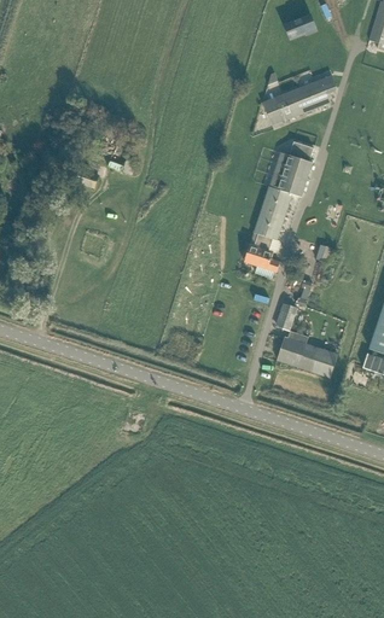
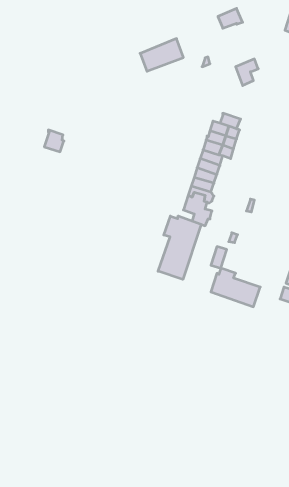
building: [263,83,316,123] -> [140,39,183,71]
building: none -> [158,216,201,279]

